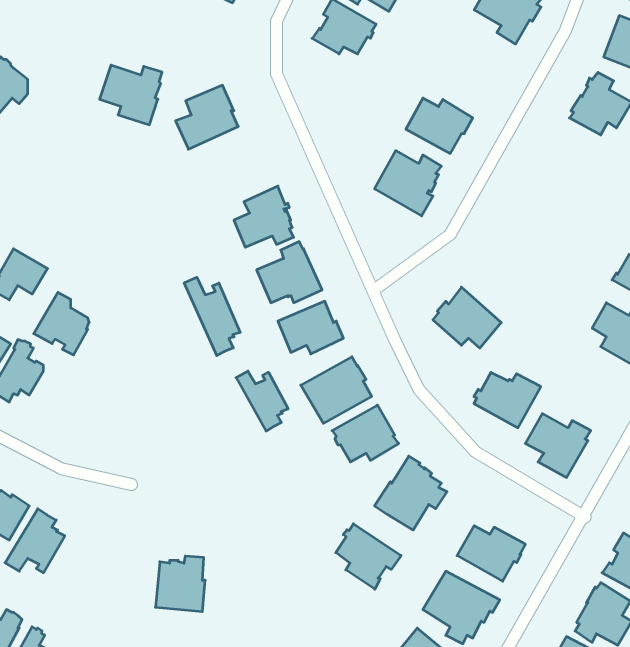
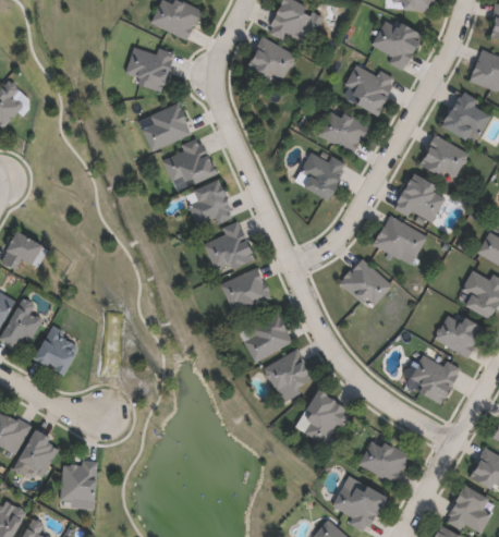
building: none -> [343,64,392,117]
building: [100,65,162,125] -> [124,47,172,93]
building: none -> [419,135,468,176]
building: none -> [161,136,219,185]
building: none -> [393,173,443,221]
building: none -> [372,215,426,264]
building: [184,277,240,356] -> none
building: [34,292,89,355] -> [34,325,76,373]
building: [236,371,288,431] -> none
building: [474,372,541,428] -> [434,314,485,356]
building: [336,524,401,589] -> none
building: [155,556,205,612] -> [59,460,97,502]

